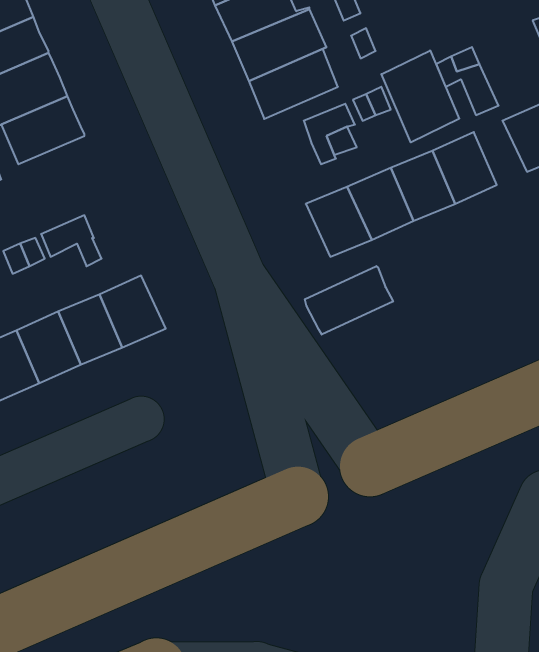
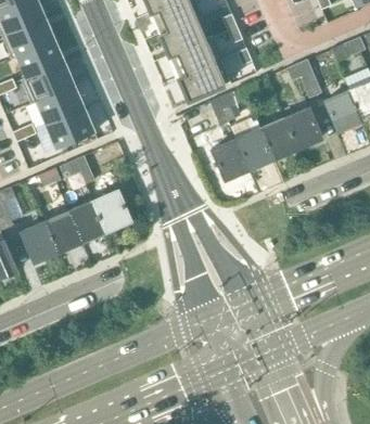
building: [381,50,459,142] -> none
building: none -> [46,110,93,149]
building: [305,266,393,335] -> none

